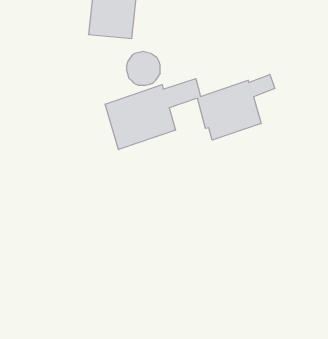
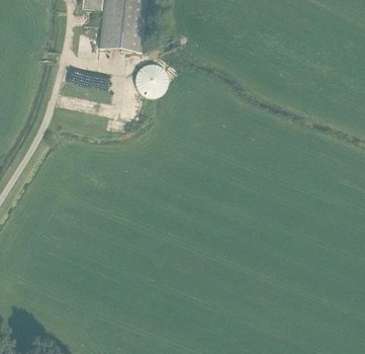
building: [105,74,275,150] -> none

